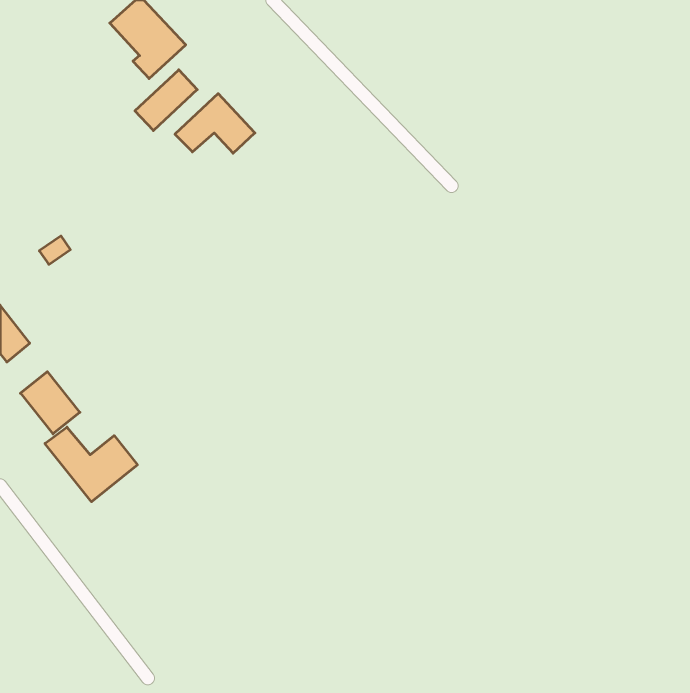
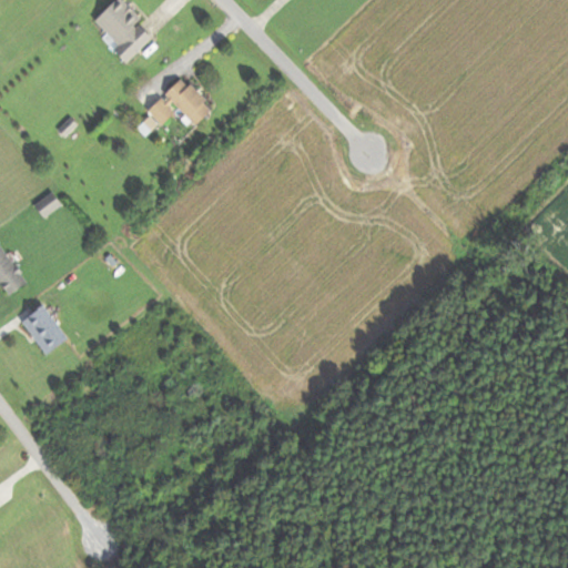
building: [135,70,197,131] -> none
building: [45,427,137,502] -> none

